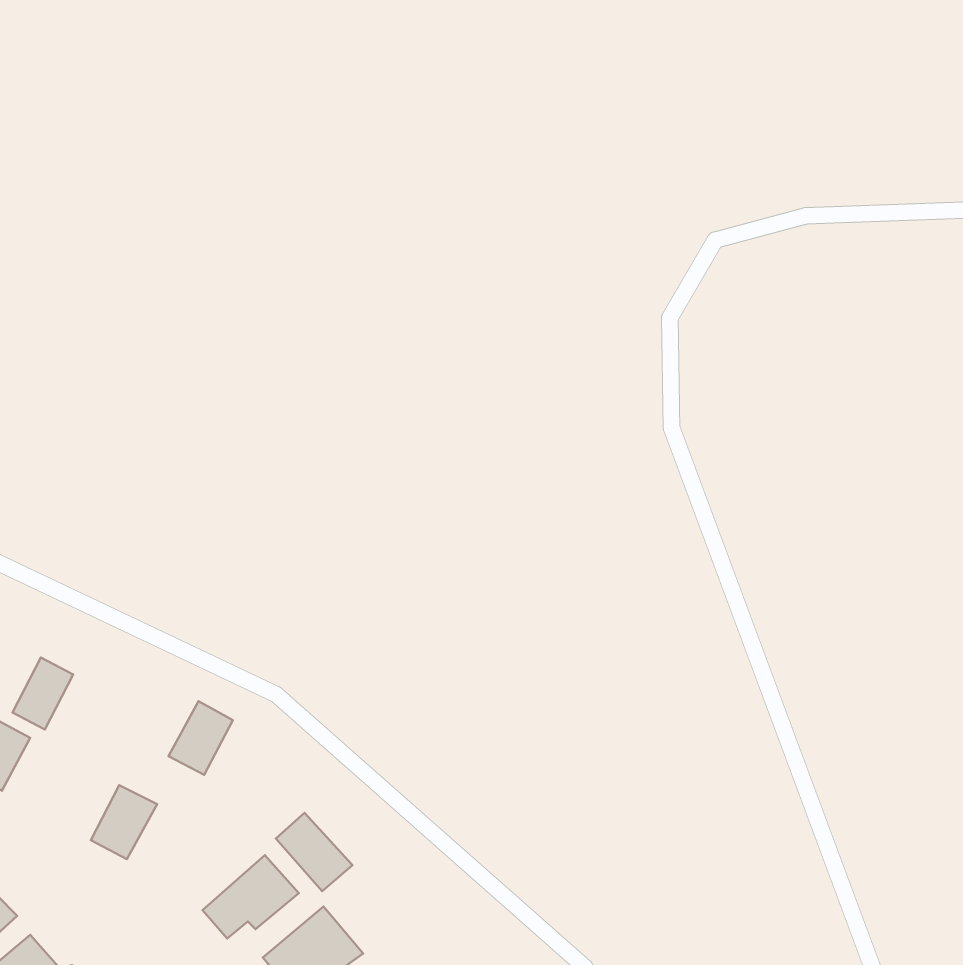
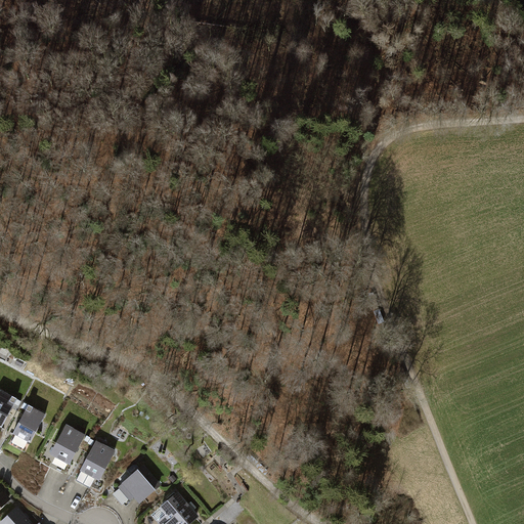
building: [13,658,73,729] -> [12,405,45,444]
building: [168,701,233,775] -> [79,441,114,481]
building: [276,813,353,891] -> none

